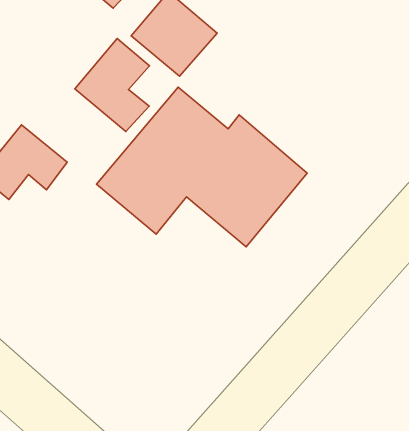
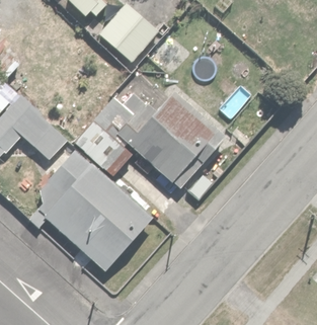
building: [75,39,149,131] -> none
building: none -> [33,150,149,269]

